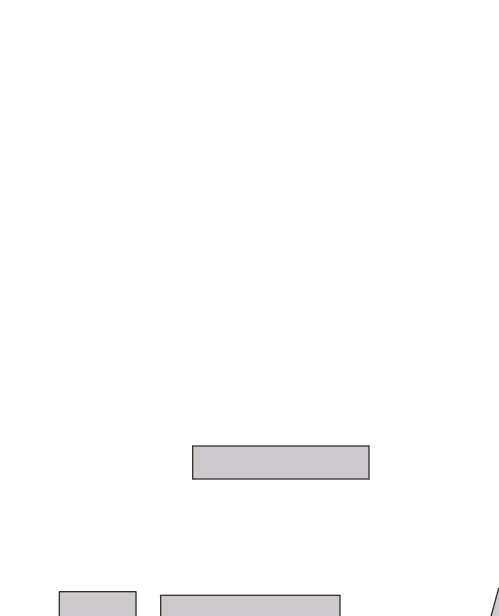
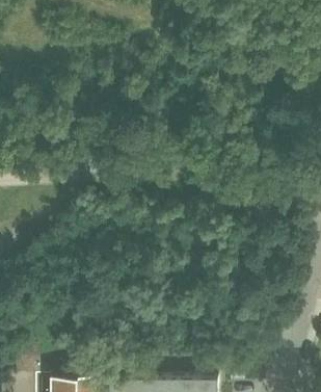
building: [193,446,369,479] -> none

